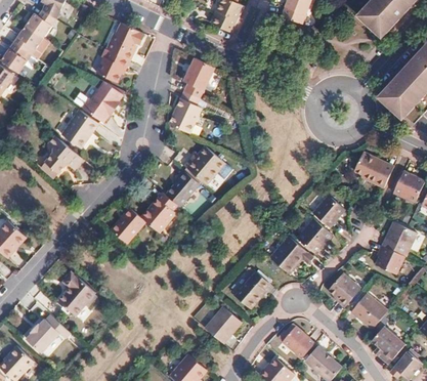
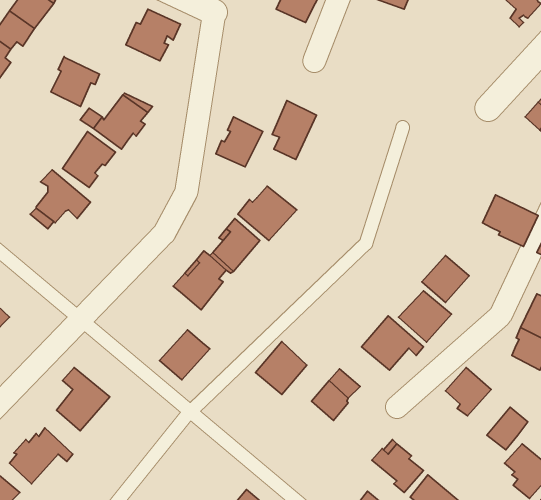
building: [96,47,130,82] -> [51,56,100,106]
building: [183,57,214,98] -> [272,100,316,159]
building: [110,207,144,242] -> [160,330,210,380]
building: [204,306,240,343] -> [255,342,307,395]

